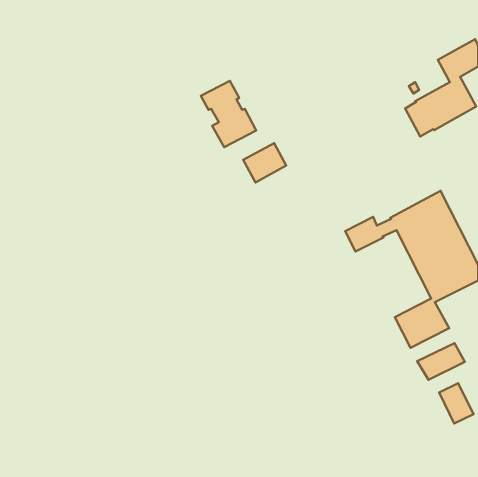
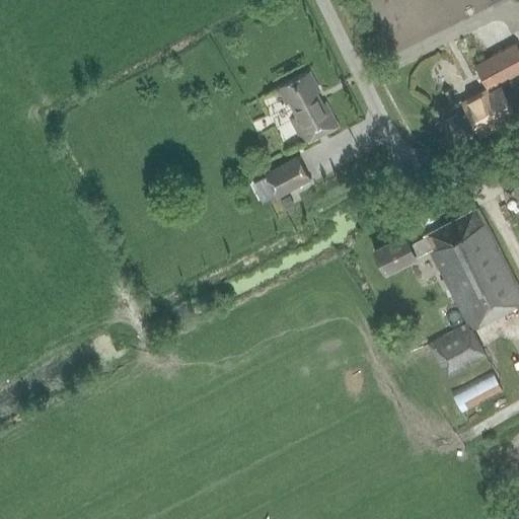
building: [201,81,256,147] -> [278,73,338,145]
building: [439,383,473,424] -> none

